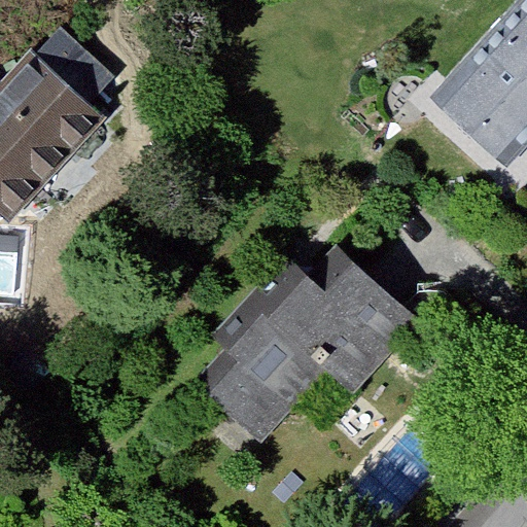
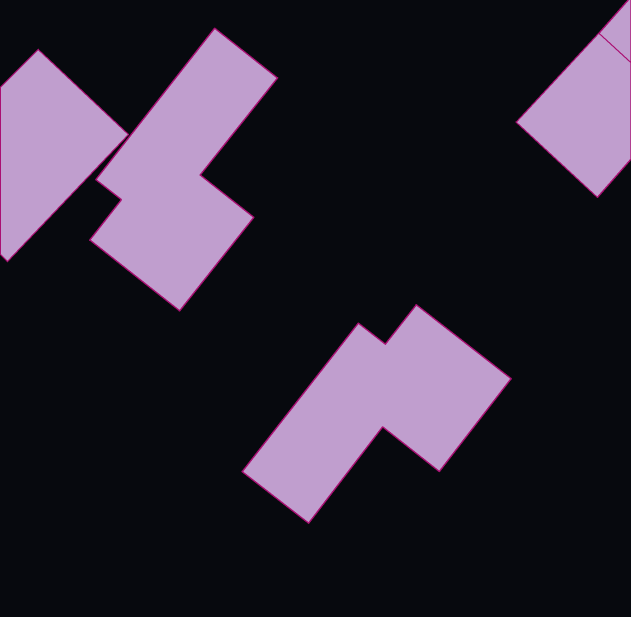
building: none -> [90,28,278,311]

